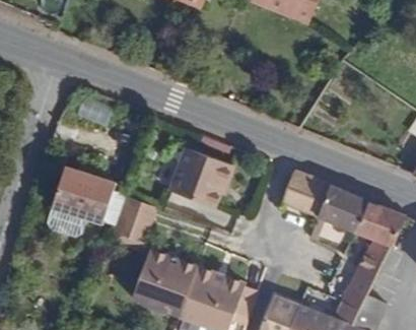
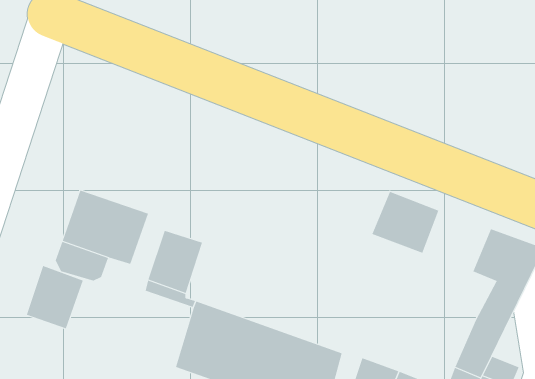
building: [170,153,233,211] -> none
building: [319,188,368,233] -> none
building: none -> [26,265,84,329]

